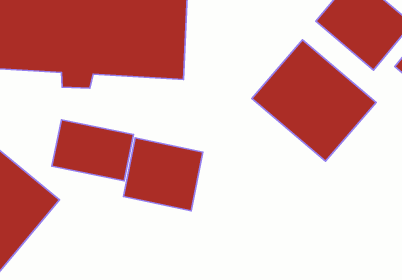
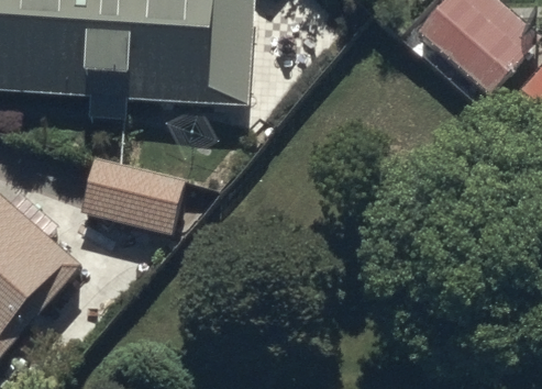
building: [252,40,376,161] -> none
building: [123,138,203,211] -> none

